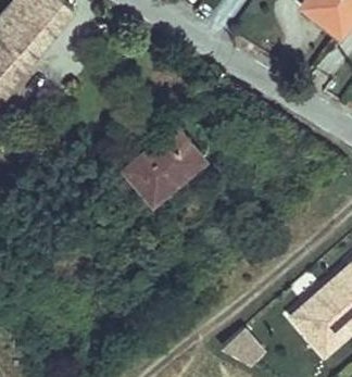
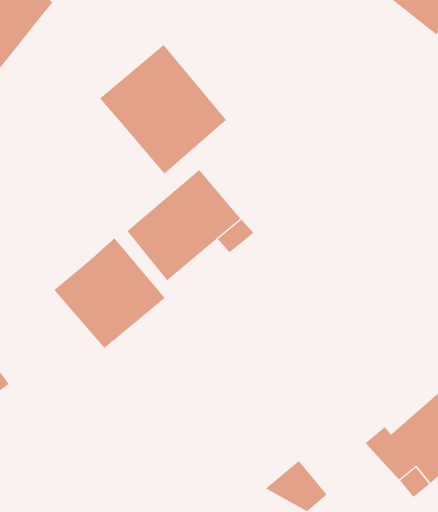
building: none -> [99,44,227,174]
building: none -> [54,238,165,349]

